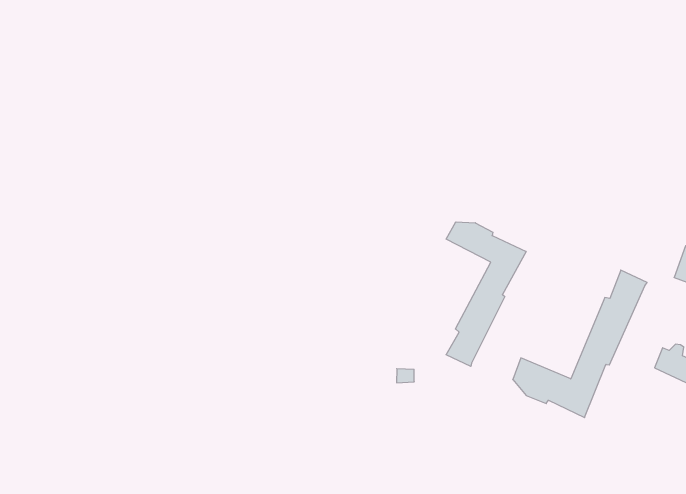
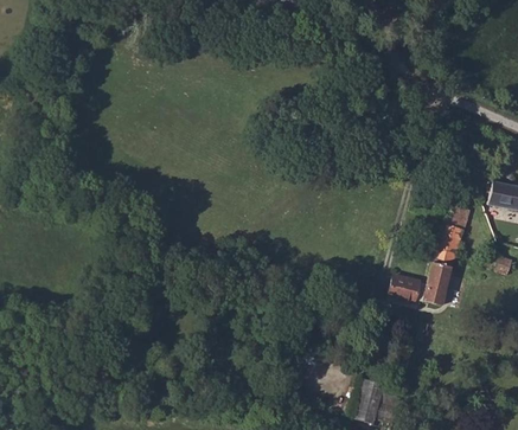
building: [446,222,526,366] -> none

